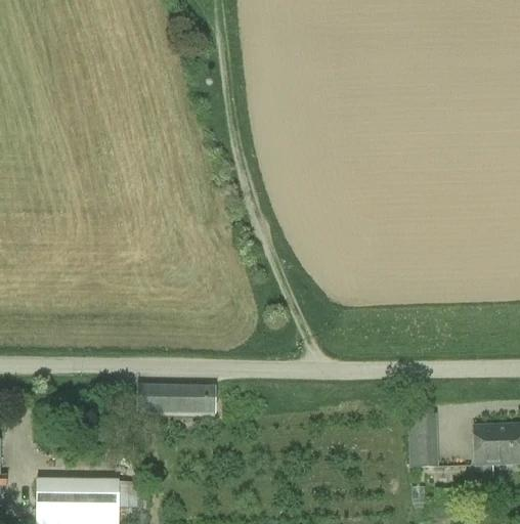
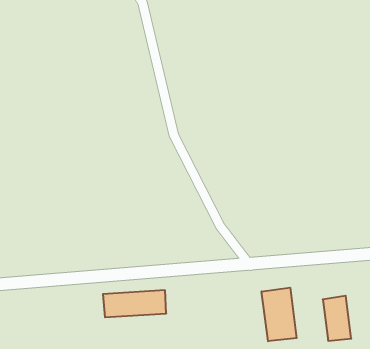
building: none -> [262,288,297,341]

